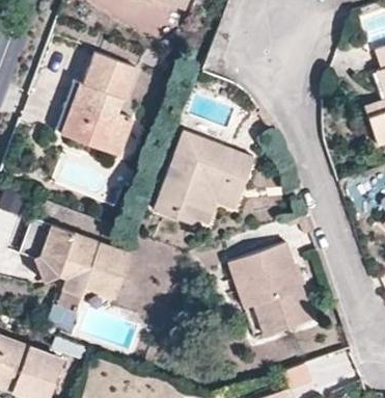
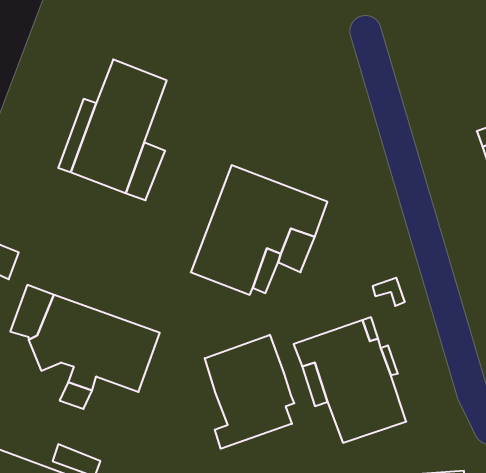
building: none -> [205,335,294,449]

